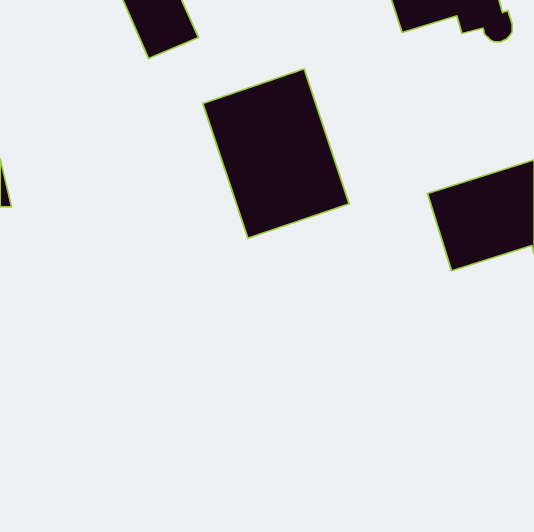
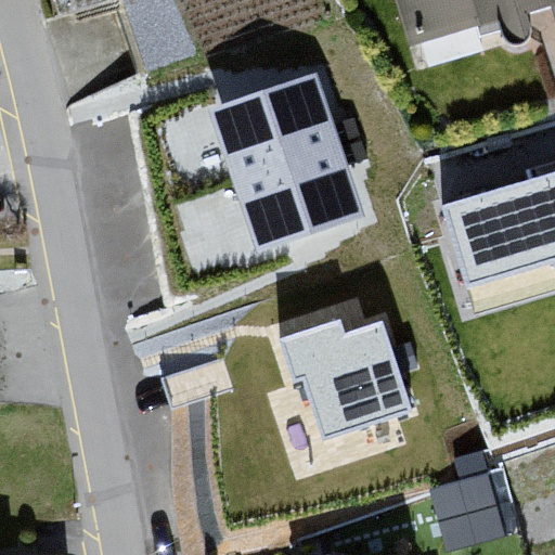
building: none -> [279,297,422,455]
building: none -> [437,468,506,541]

